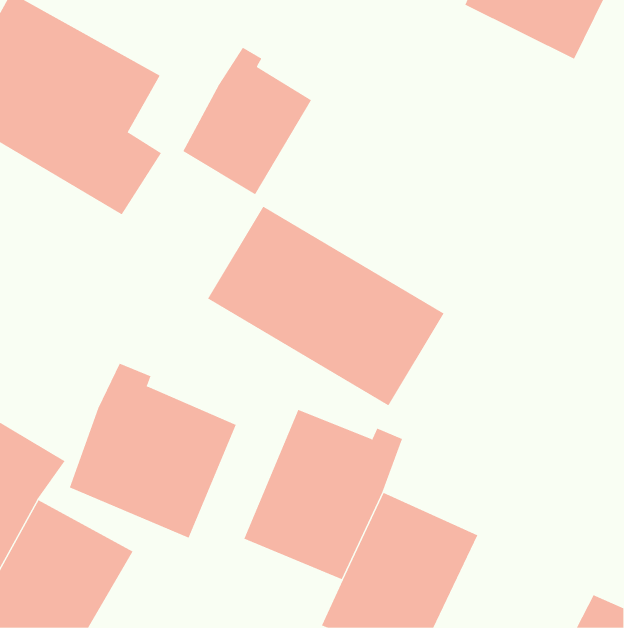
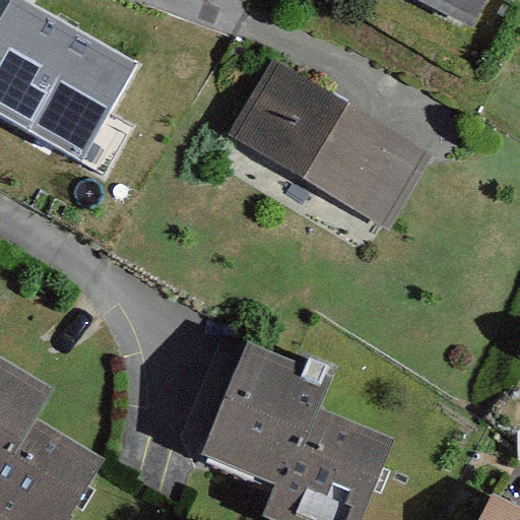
building: [182,47,312,195] -> none
building: [207,206,444,406] -> [228,70,422,235]
building: [69,363,237,538] -> none

